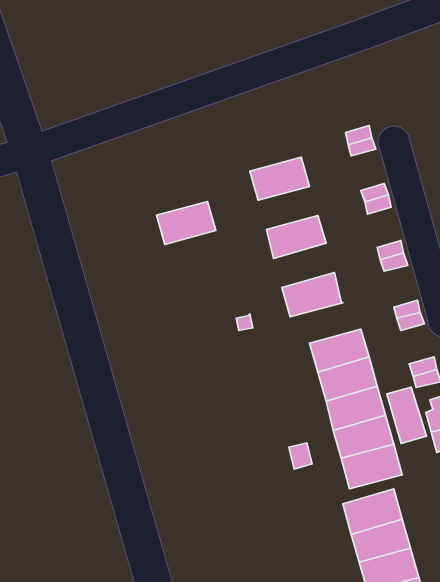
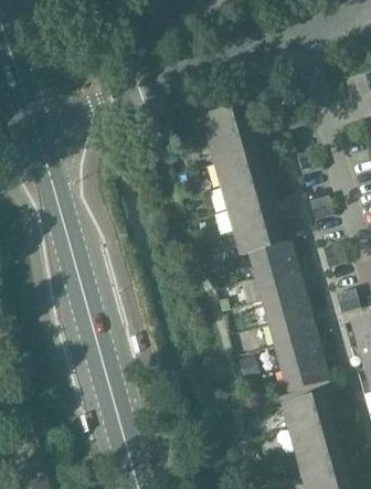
building: none -> [201,105,248,140]
building: [156,201,216,244] -> [214,152,262,187]
building: none -> [226,198,275,233]
building: none -> [248,242,296,277]
building: [387,387,426,444] -> none

